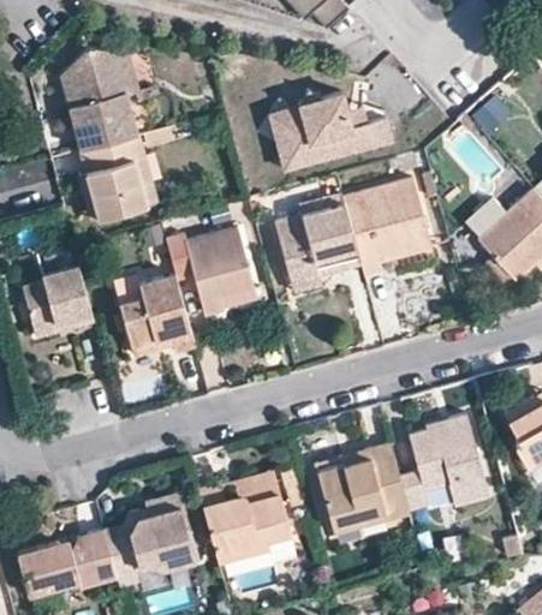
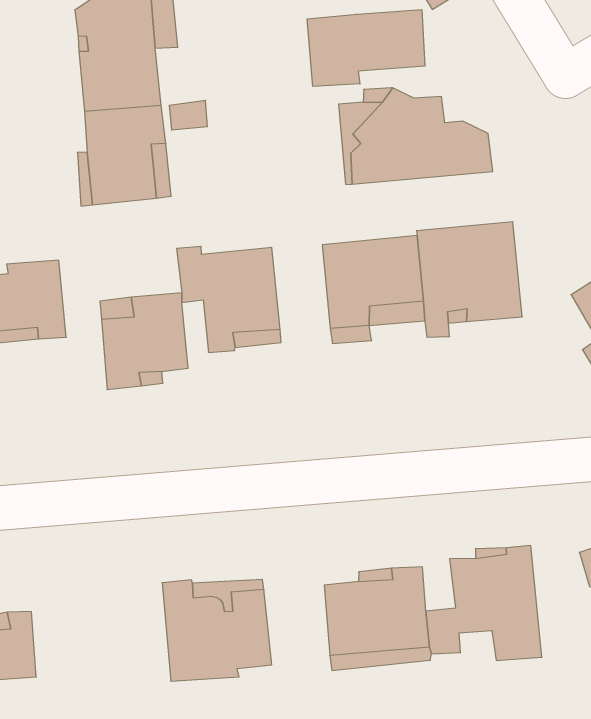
building: none -> [307,10,425,86]
building: [105,491,195,586] -> none

